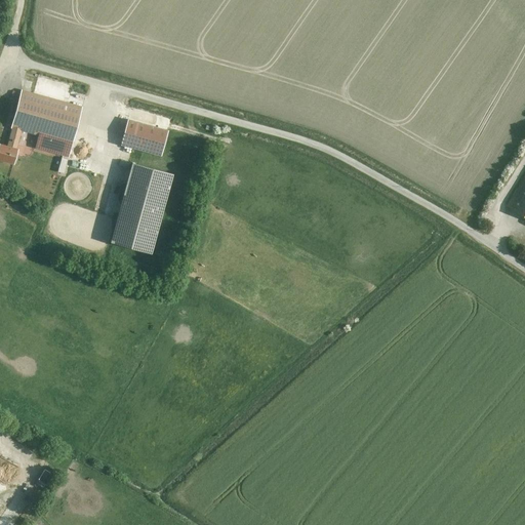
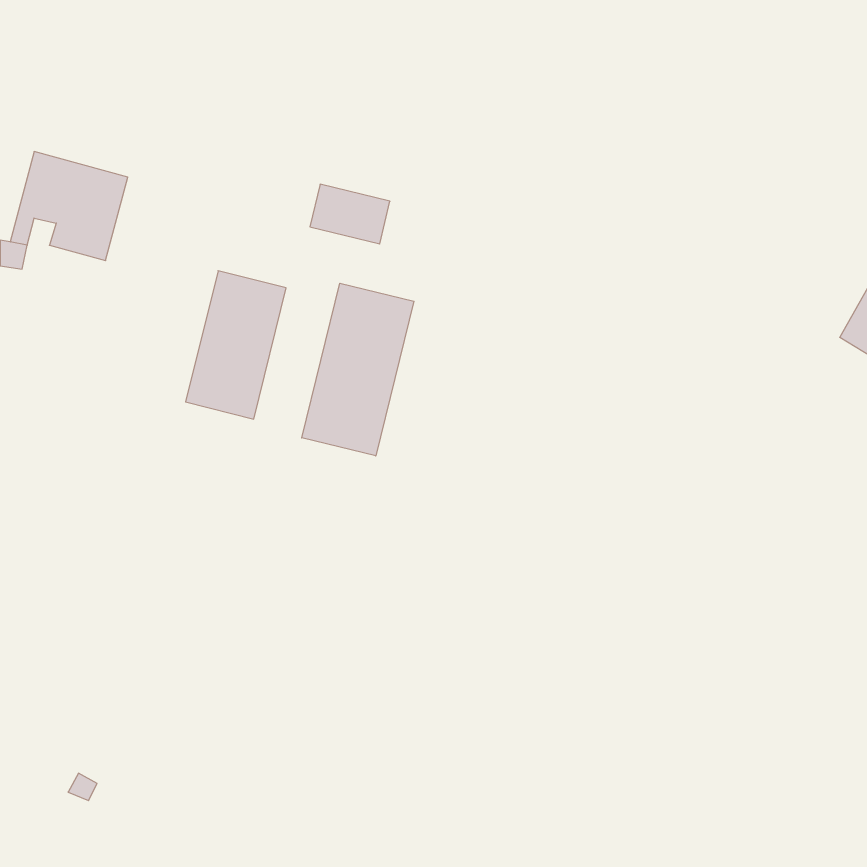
building: [120,118,168,154] -> [310,184,390,244]
building: none -> [302,283,414,456]

